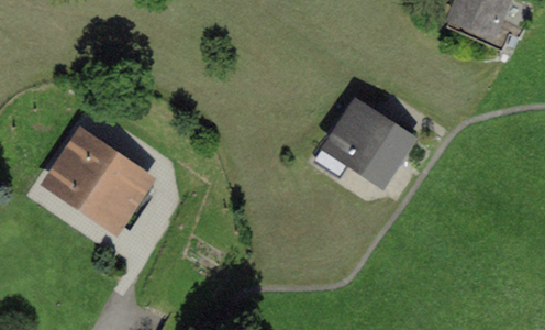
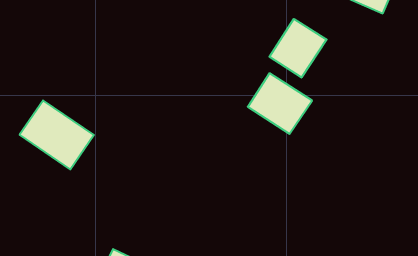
building: none -> [269,19,327,78]

